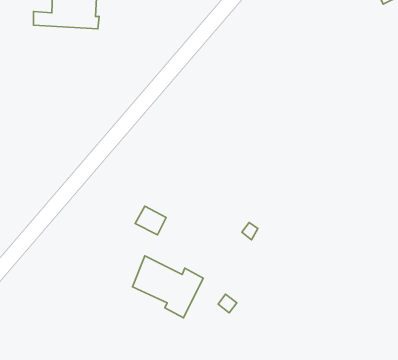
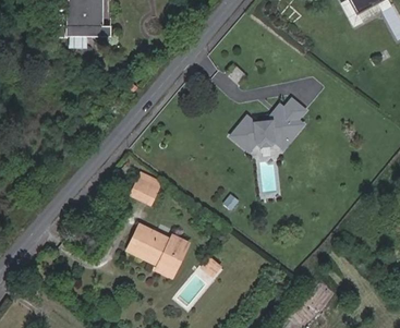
building: none -> [228,96,302,148]

